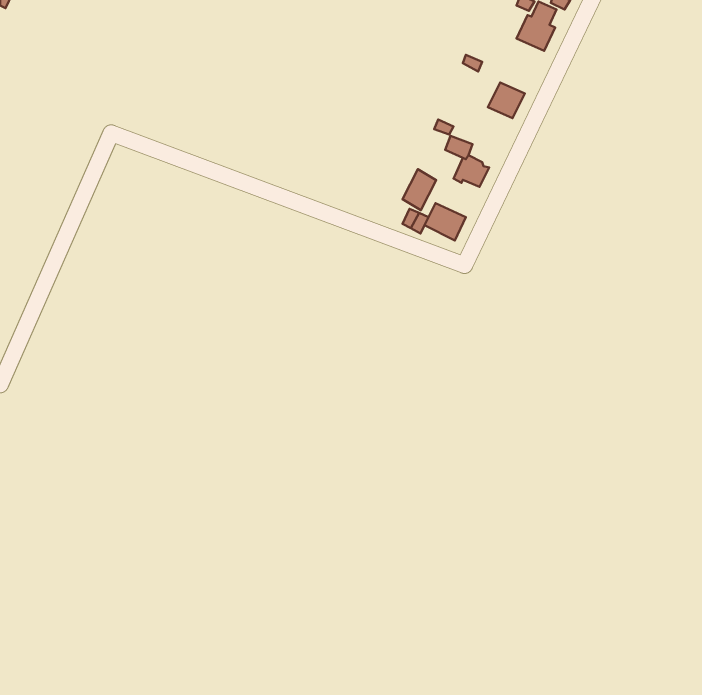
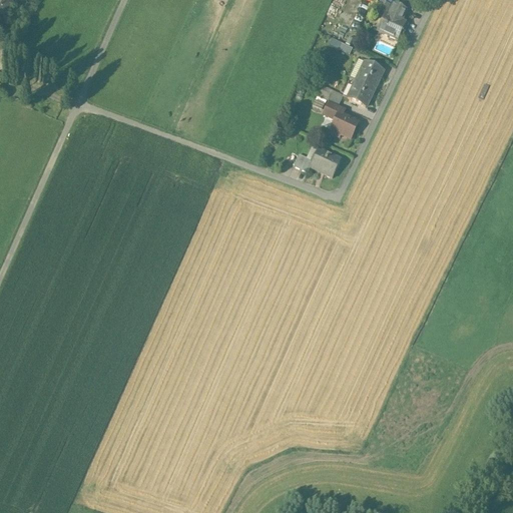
building: none -> [347,78,374,104]
building: [403,169,436,210] -> none

